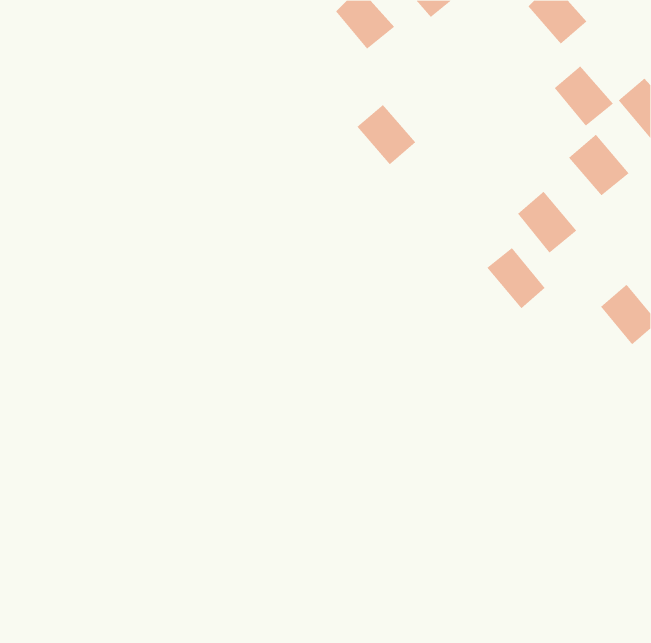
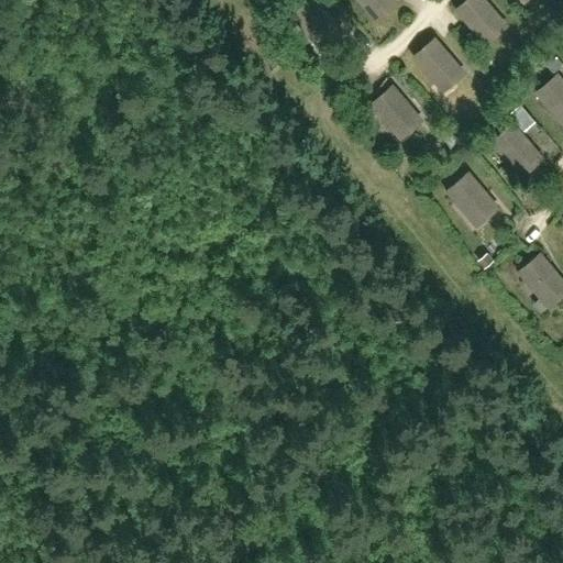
building: [554,65,614,126] -> [413,41,465,93]
building: [356,104,416,165] -> [371,86,422,139]
building: [487,247,545,309] -> none

